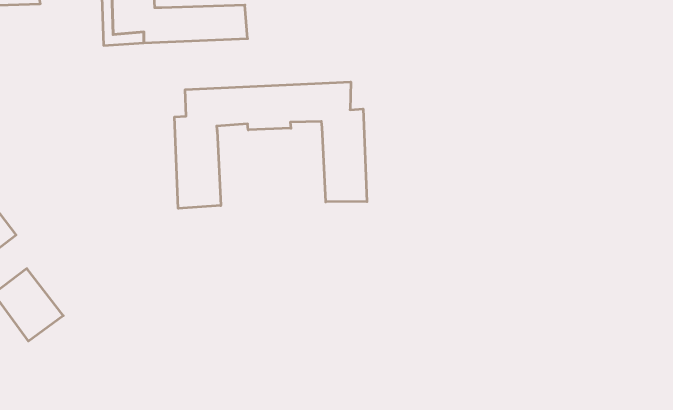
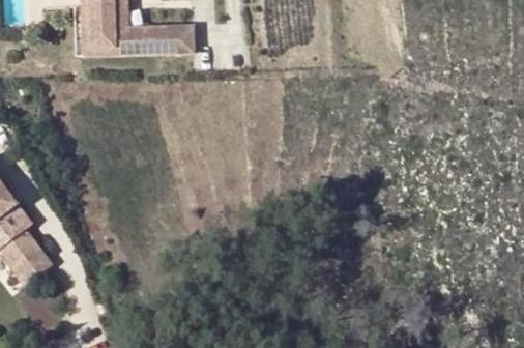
building: [175,82,367,208] -> none

